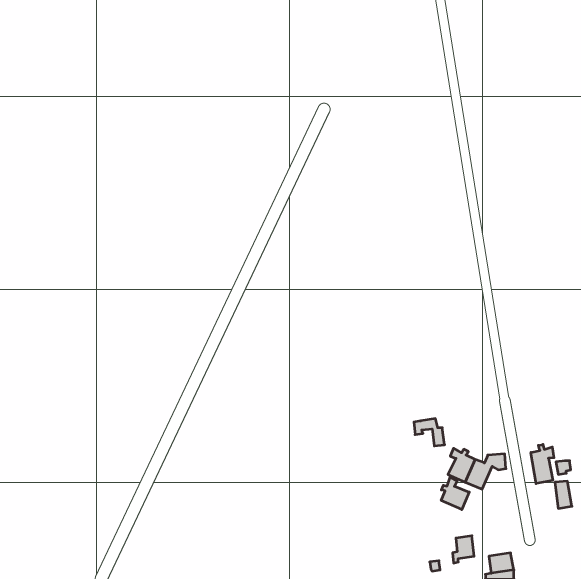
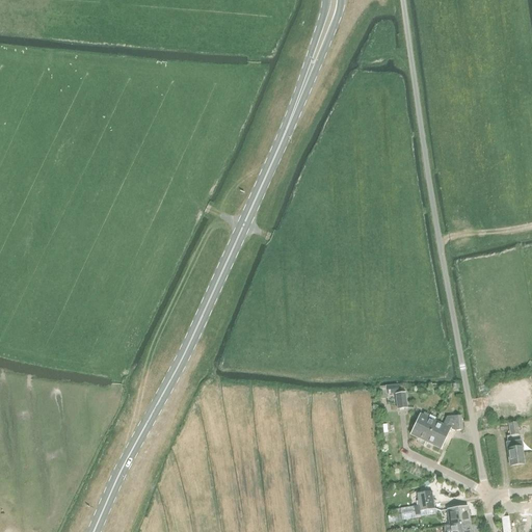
building: [531,444,554,484] -> none
building: [441,477,469,510] -> none

